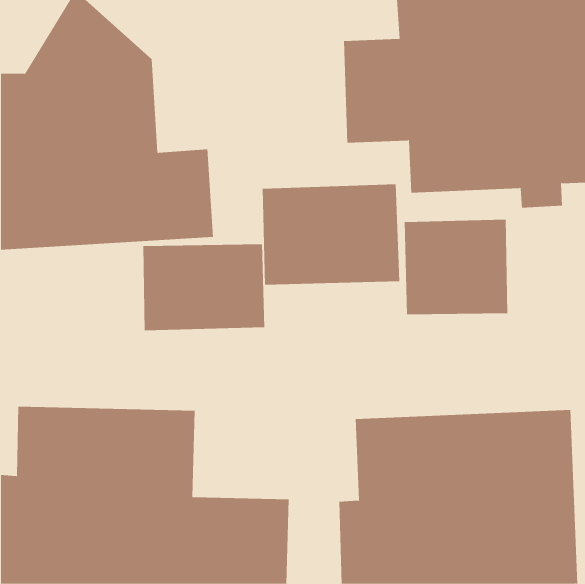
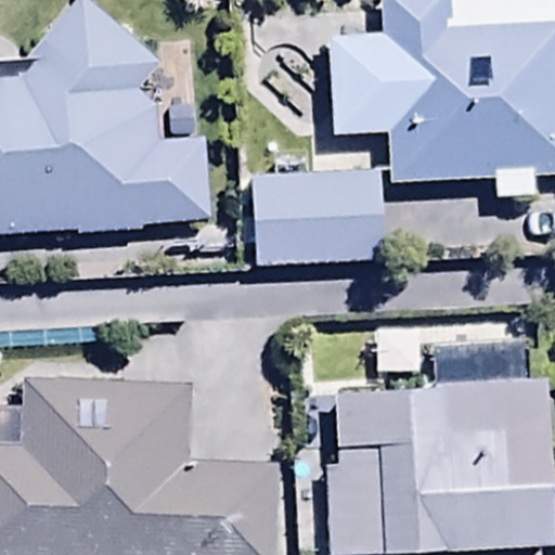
building: [404,219,508,315] -> none
building: [143,243,265,331] -> none

